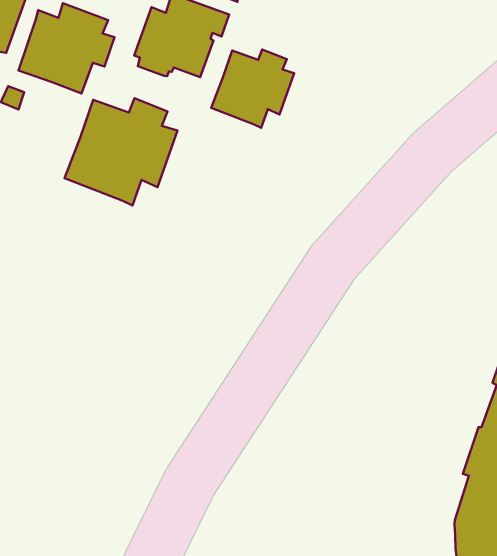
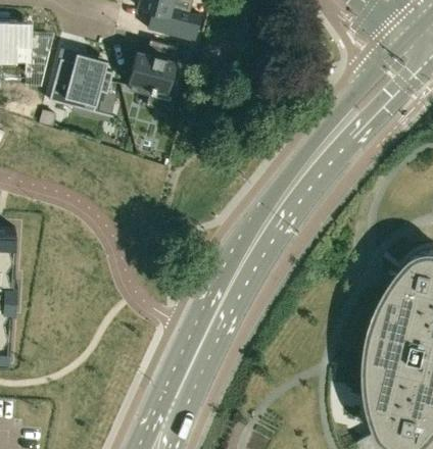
building: [211,50,294,128] -> none
building: [65,98,178,206] -> none

